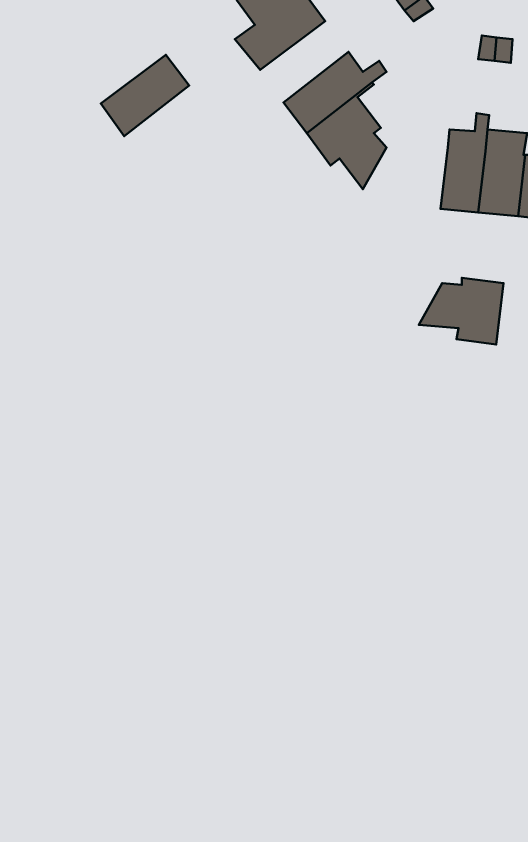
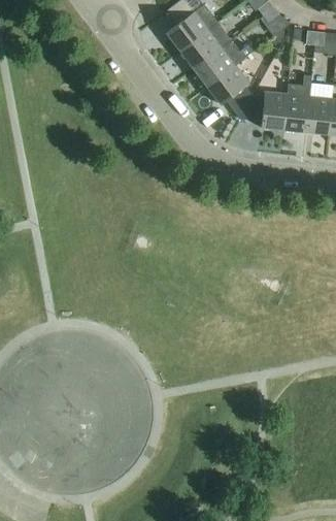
building: [101,55,189,136] -> [180,22,231,68]
building: [419,278,503,345] -> [239,91,288,129]

